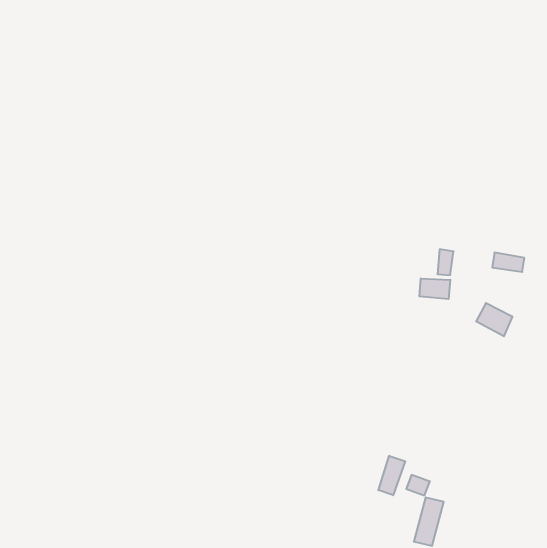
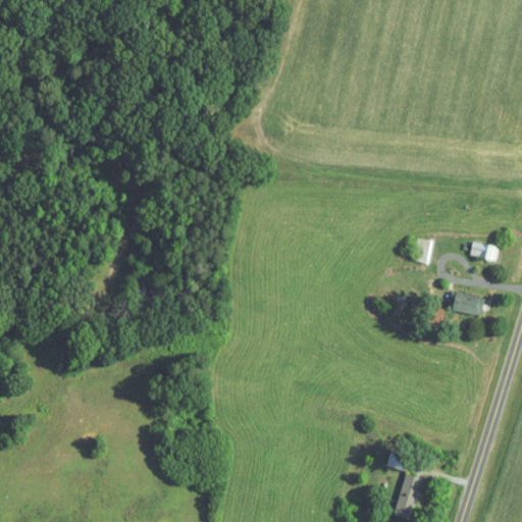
building: [419,278,450,299] -> none
building: [378,456,405,495] -> none

